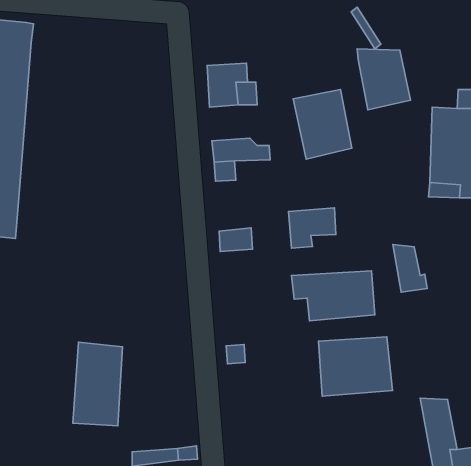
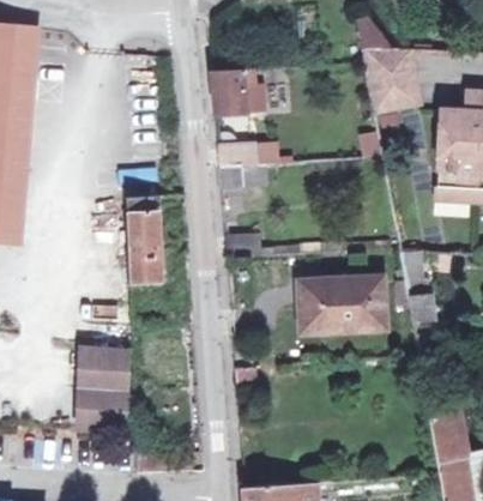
building: [293,90,352,159] -> none
building: none -> [127,197,157,284]
building: [288,208,336,248] -> none
building: [318,337,393,396] -> none

